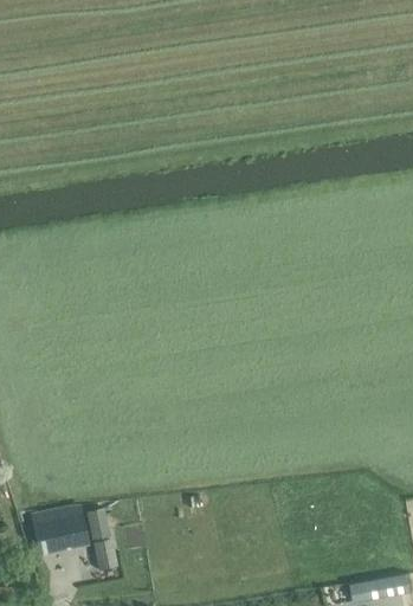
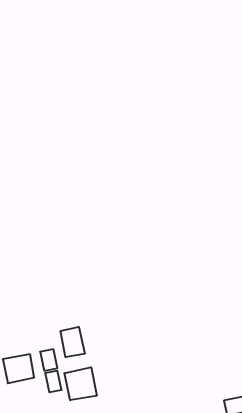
building: none -> [61,327,85,357]
building: none -> [64,367,97,400]

